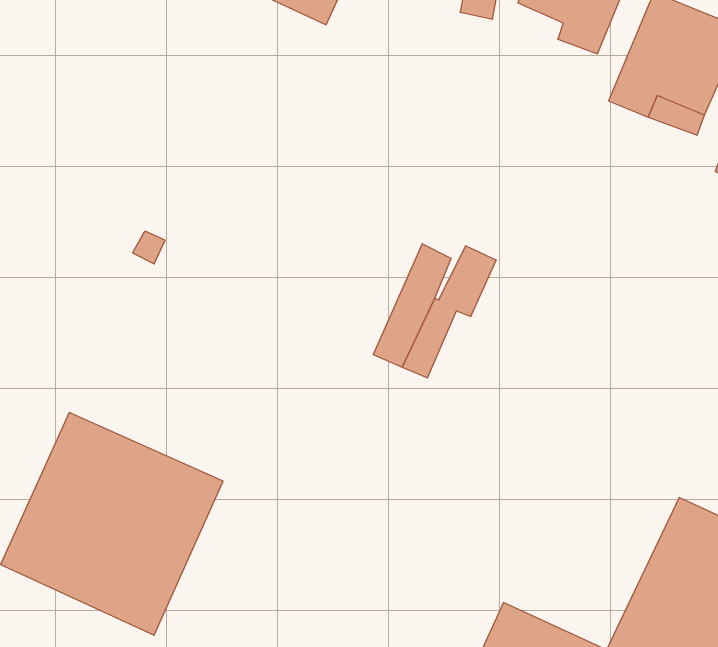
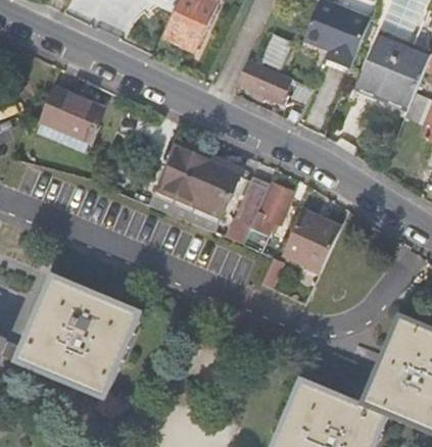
building: none -> [239,60,297,104]
building: none -> [44,85,107,144]
building: none -> [144,151,236,234]
building: none -> [288,215,339,271]

